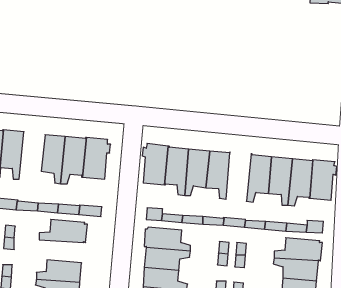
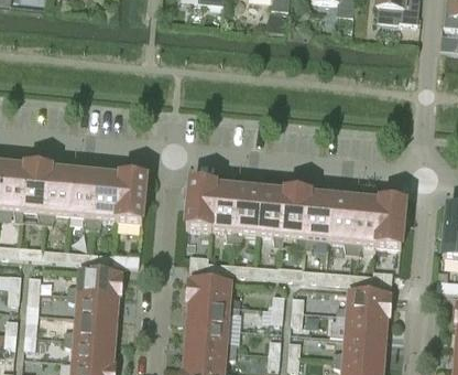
building: none -> [45,163,75,218]
building: none -> [282,186,310,243]
building: none -> [67,287,119,313]

